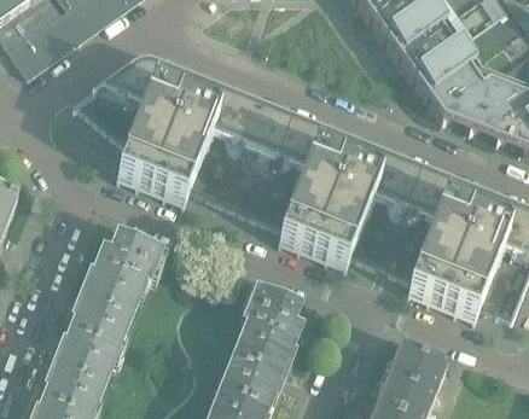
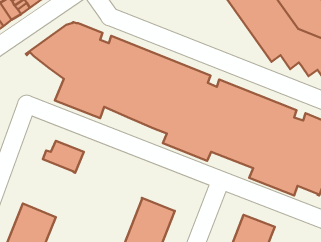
building: [68,264,144,353] -> none
building: [244,293,300,343] -> none

